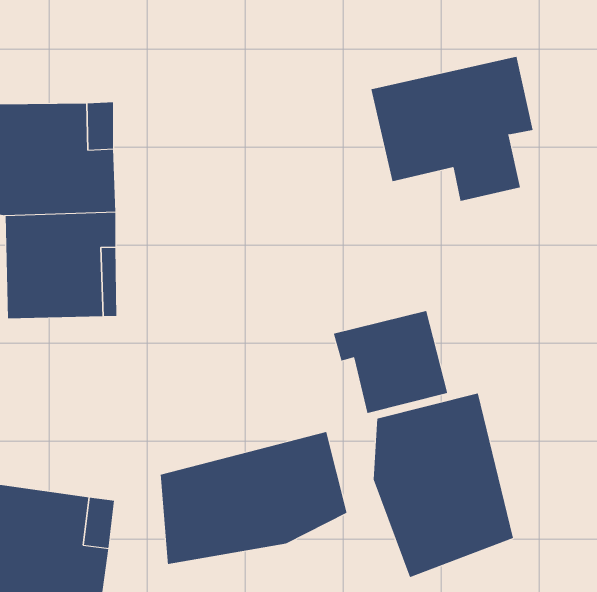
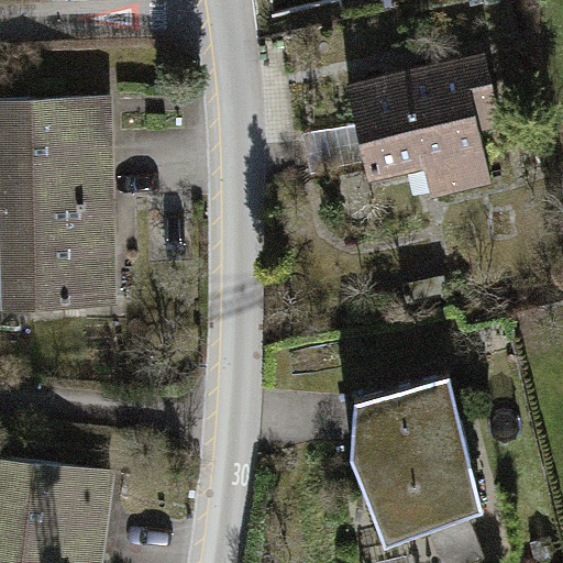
building: [333,310,448,414] -> none
building: [160,431,347,565] -> none

